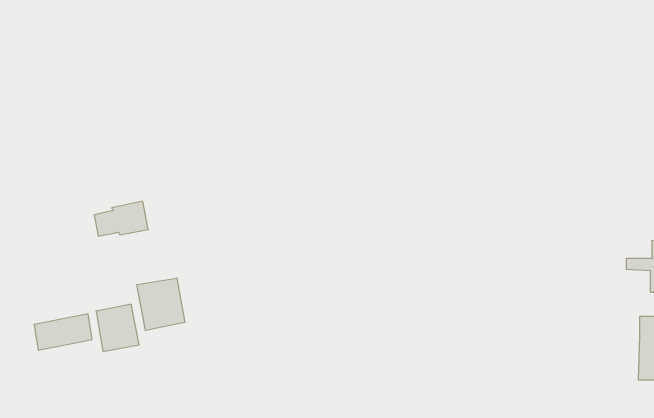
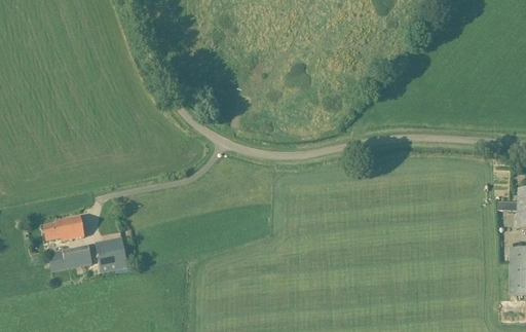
building: [94,201,148,236] -> [43,215,84,242]
building: [137,278,185,331] -> none

